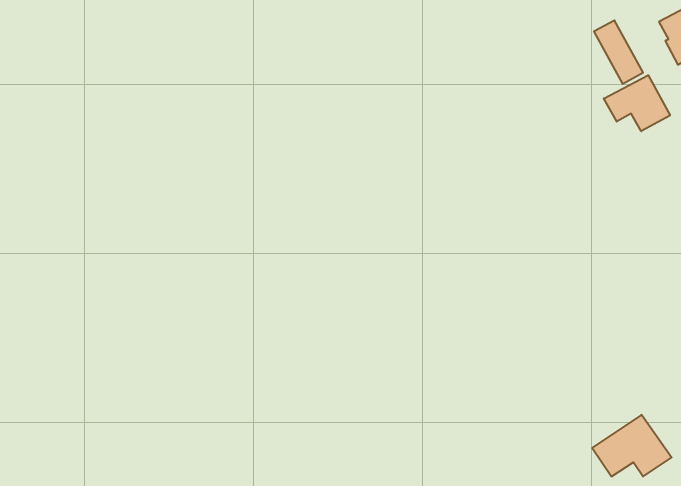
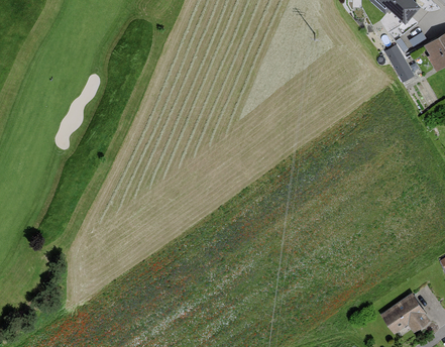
building: [604,75,670,131] -> none

